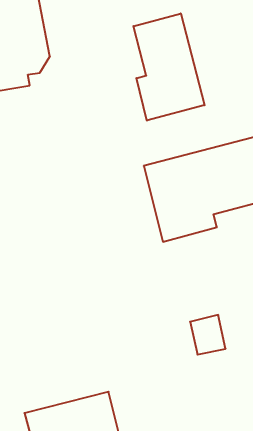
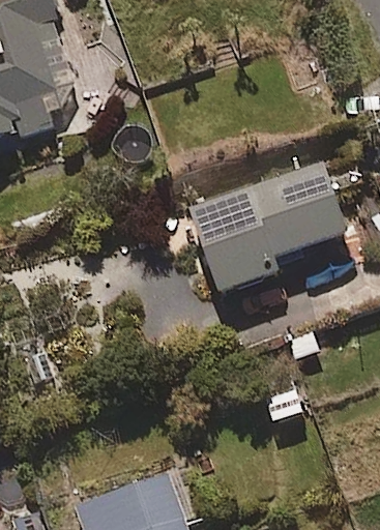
building: [133,13,205,121] -> none

